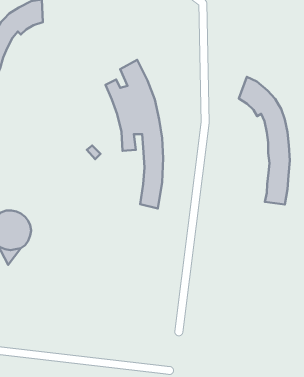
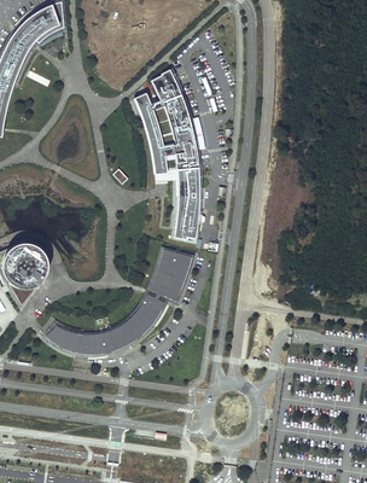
building: [239,77,290,205] -> none
building: none -> [39,245,194,357]

